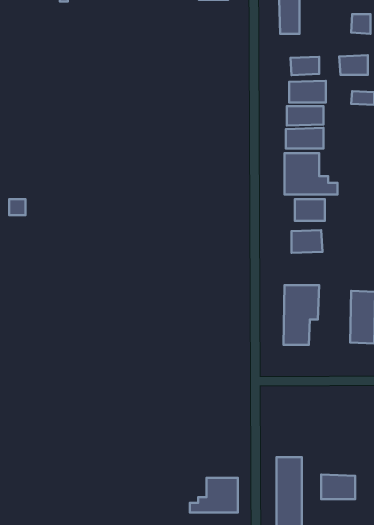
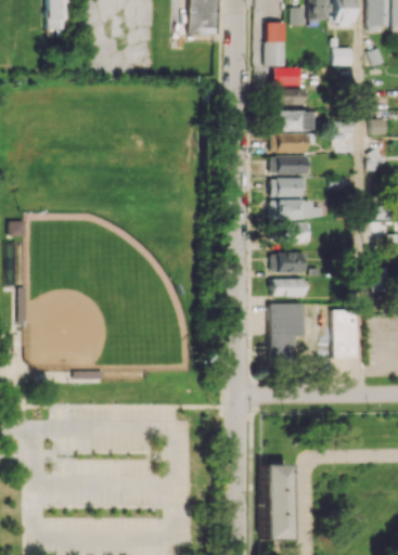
building: [339,55,368,75] -> [273,66,300,85]
building: none -> [272,278,304,295]
building: [321,474,355,499] -> none
building: [190,478,238,512] -> none

